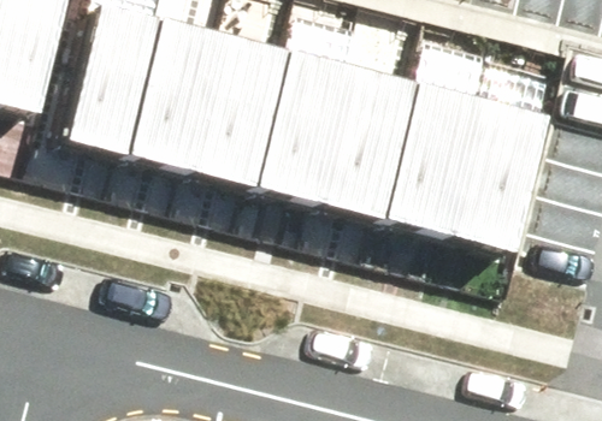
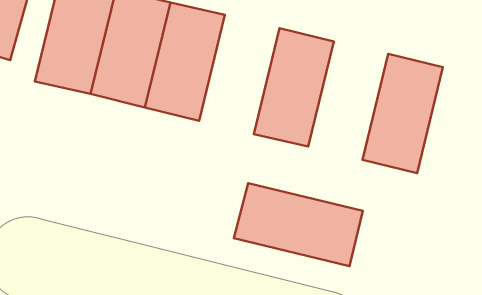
building: [261,57,355,196] -> none
building: [389,88,483,226] -> none
building: none -> [234,183,363,266]

